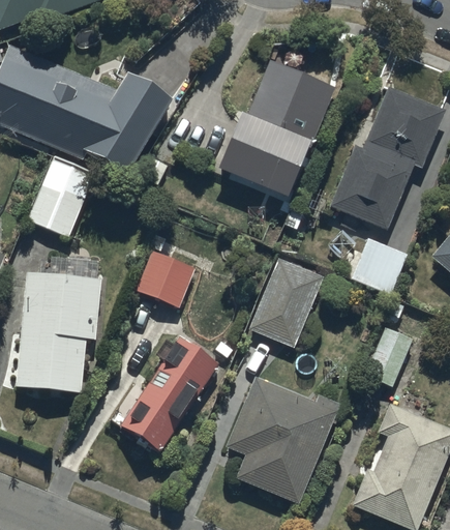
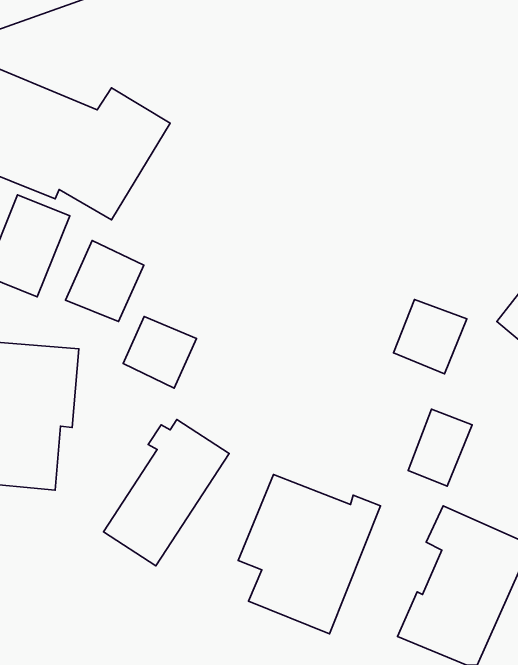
building: [219,56,338,197] -> none
building: [331,87,444,228] -> none
building: none -> [65,241,144,321]
building: [247,260,323,349] -> none

